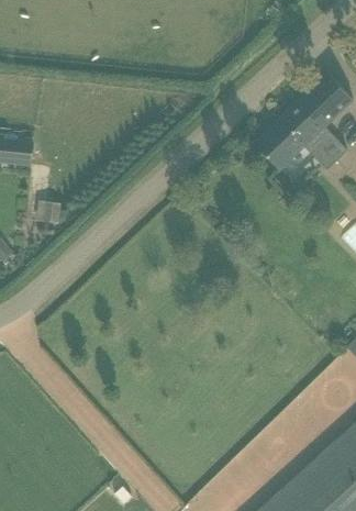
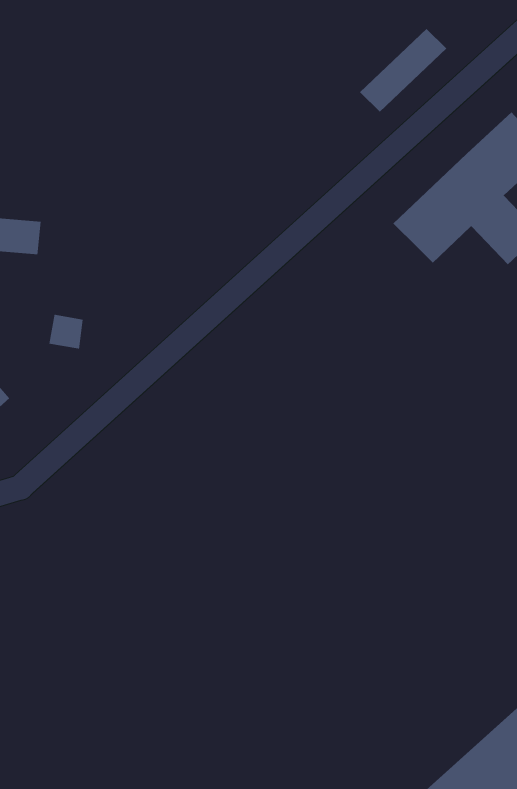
building: none -> [359,28,447,113]

